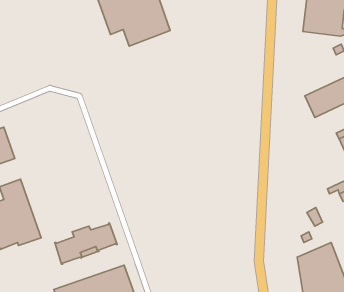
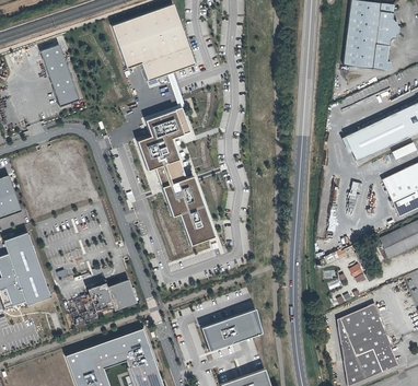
building: none -> [40,45,80,107]
building: none -> [138,108,216,246]
building: none -> [201,309,263,351]

